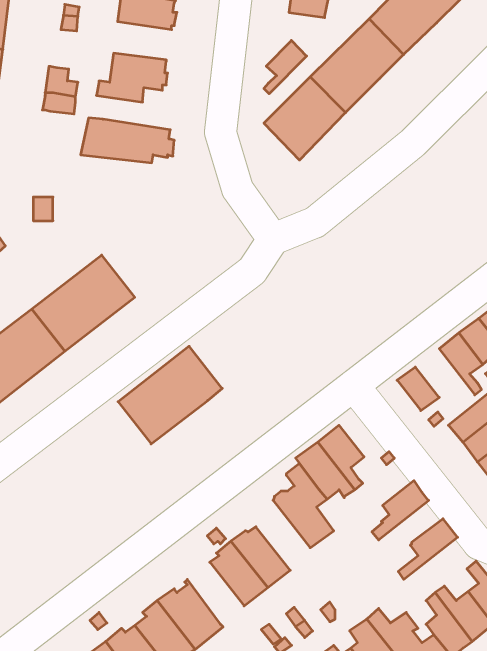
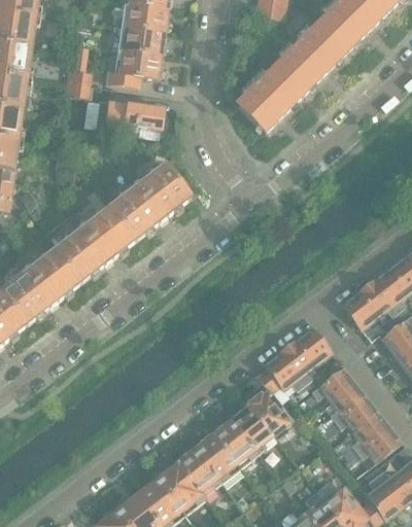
building: none -> [119,25,165,55]
building: [264,40,307,94] -> none
building: [118,346,222,444] -> [110,164,192,240]
building: none -> [355,280,402,321]
building: none -> [296,328,330,364]
building: none -> [303,368,354,405]
building: none -> [231,398,275,453]
building: none -> [323,398,377,437]
building: none -> [344,427,400,468]
building: none -> [175,447,221,495]

